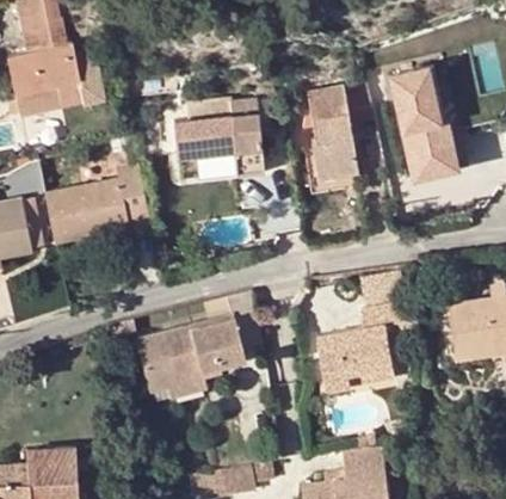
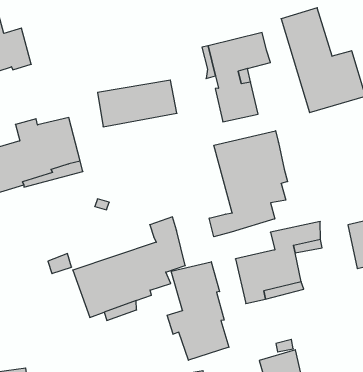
building: [174,100,259,140] -> none
building: none -> [209,131,288,237]
building: none -> [167,262,229,360]

